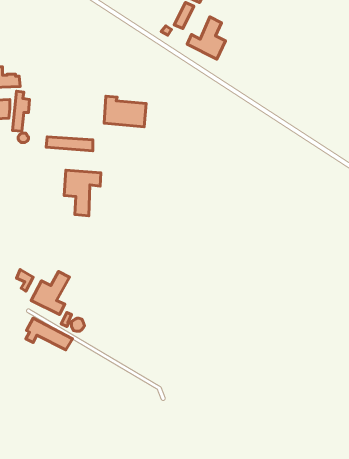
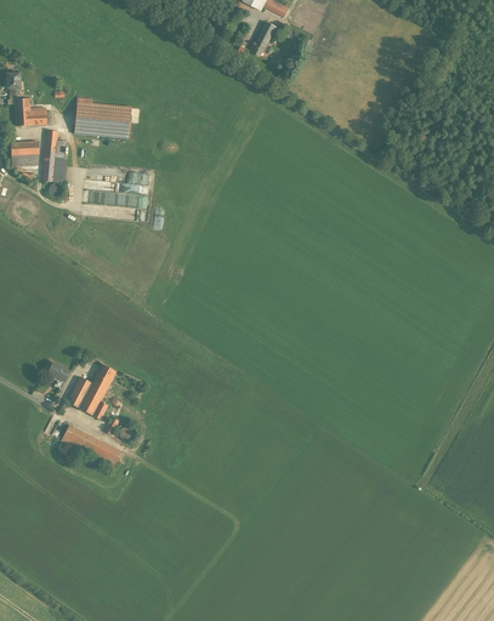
building: [187,17,225,59] -> none
building: [104,96,146,127] -> [76,97,131,137]
building: [64,170,101,216] -> none

